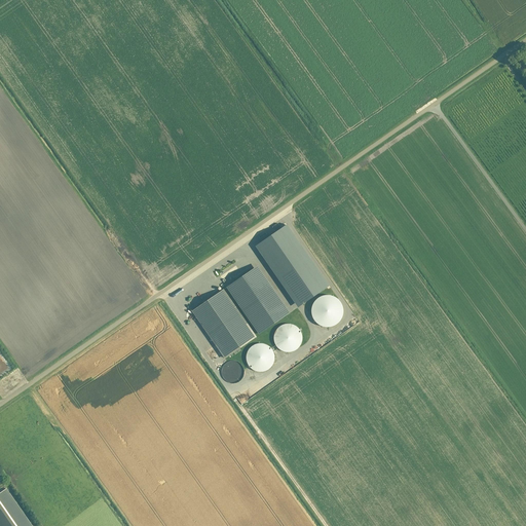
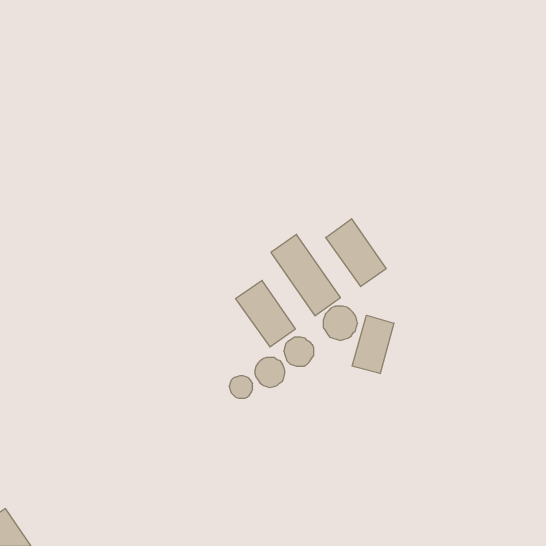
building: none -> [326,219,386,287]
building: [191,290,254,358] -> none
building: none -> [352,315,394,374]

